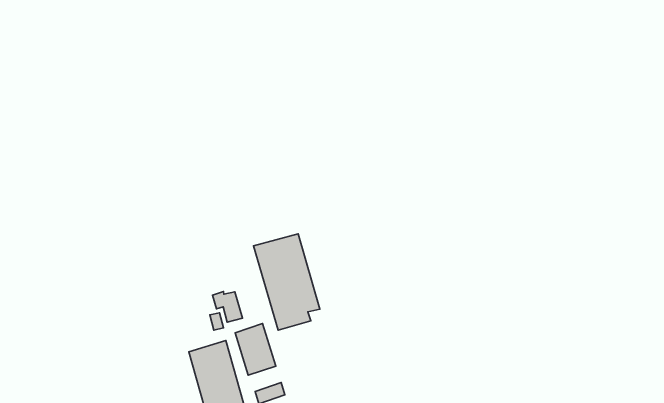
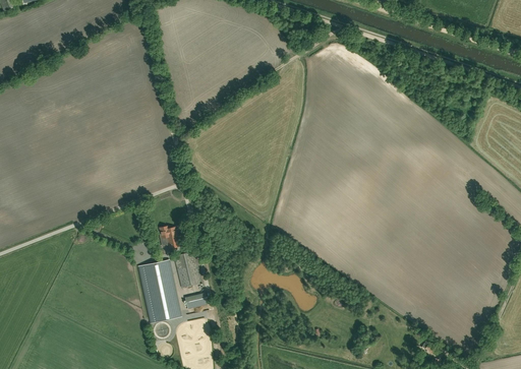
building: [254,234,320,330] -> none

